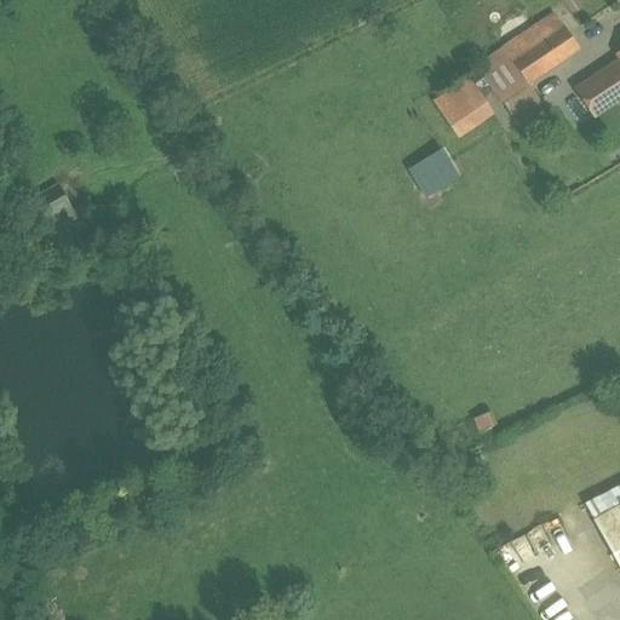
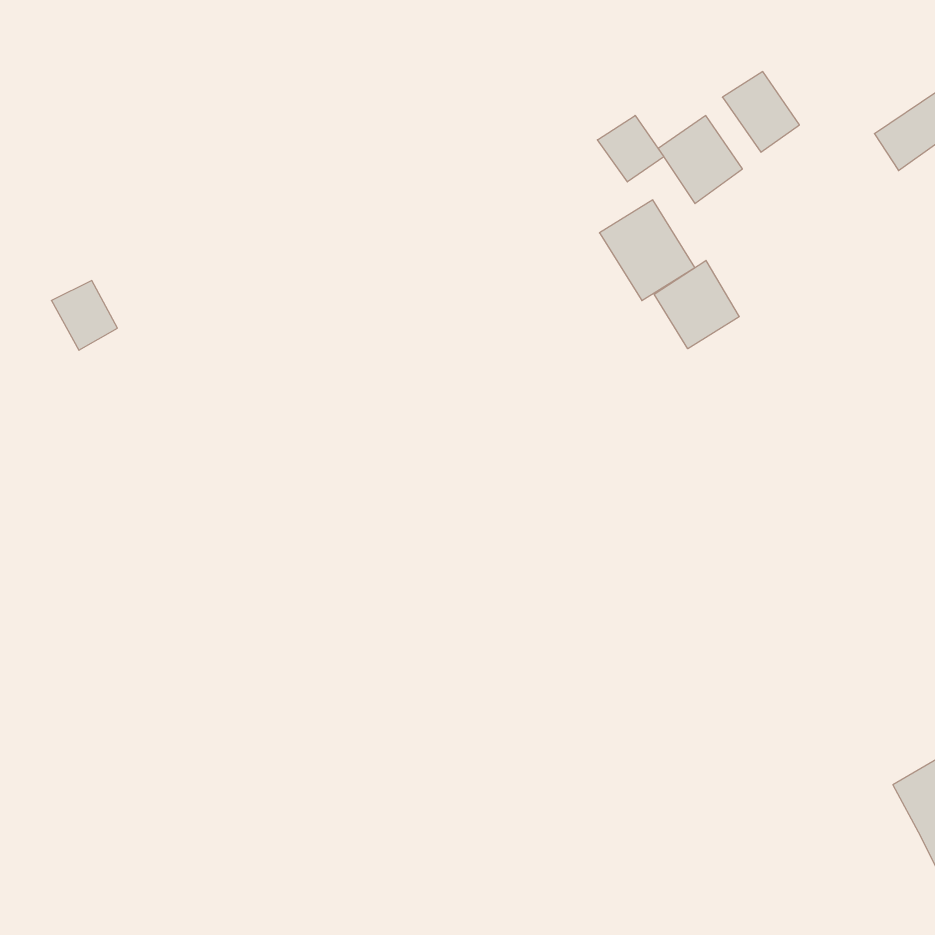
building: [505,12,581,82] -> none
building: none -> [597,115,664,182]
building: none -> [654,260,739,349]

